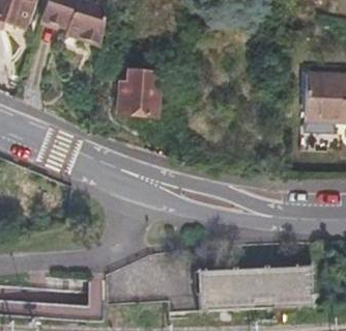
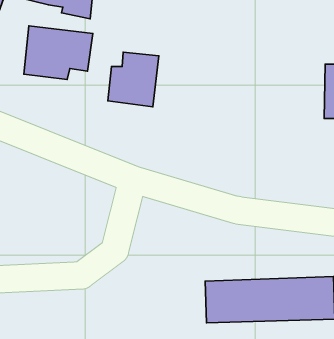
building: none -> [24,26,93,80]

